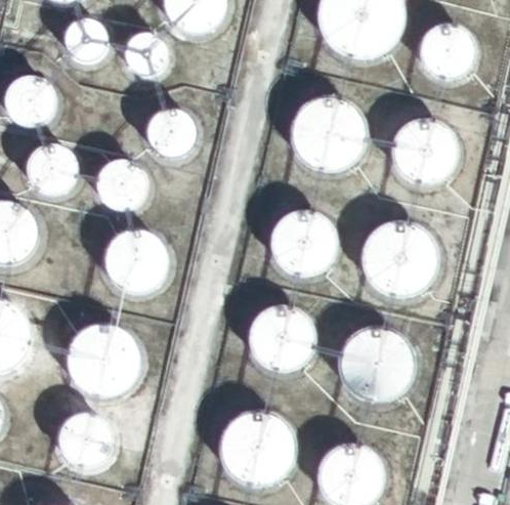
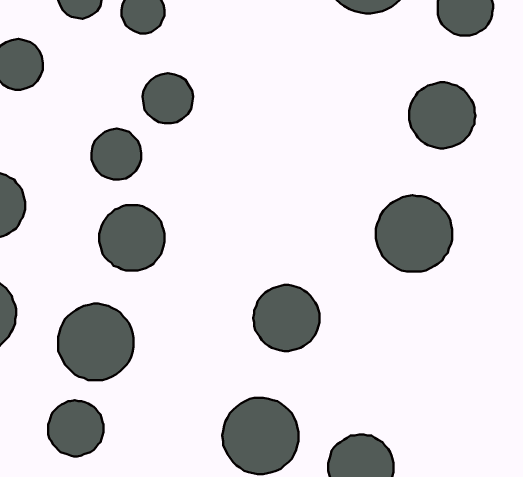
building: [294,98,365,169] -> none
building: [31,148,78,194] -> none
building: [272,211,334,272] -> none
building: [340,328,411,398] -> none

